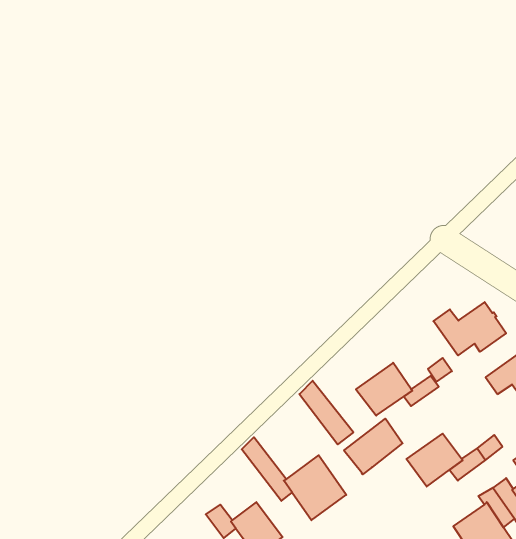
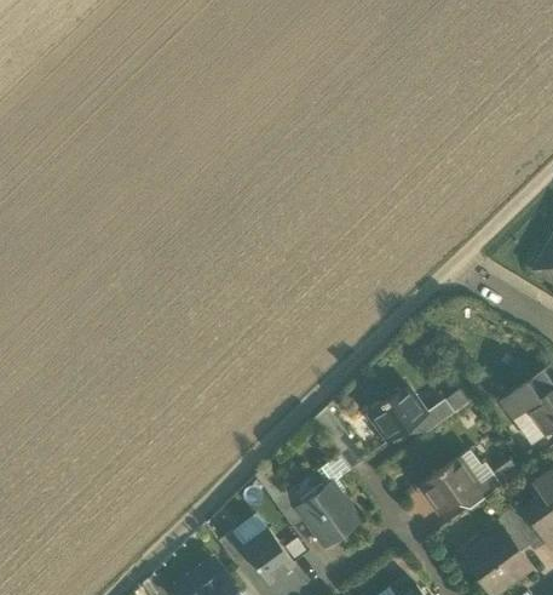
building: [433,302,506,355] -> none
building: [344,419,403,474] -> none

